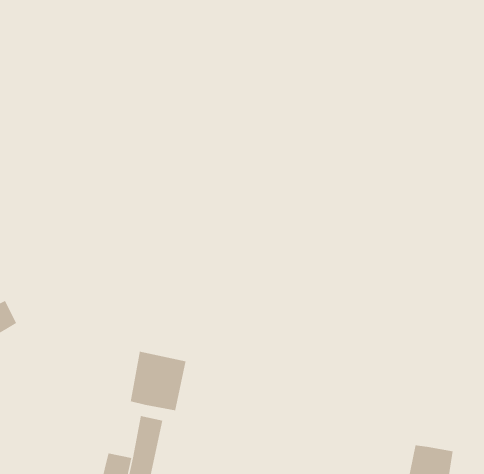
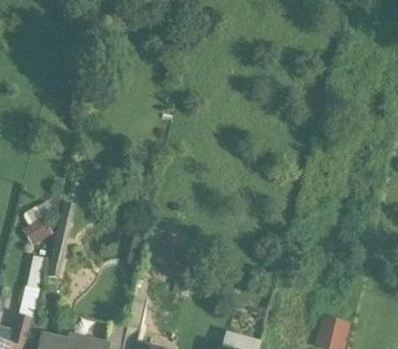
building: [130,351,186,411] -> none

